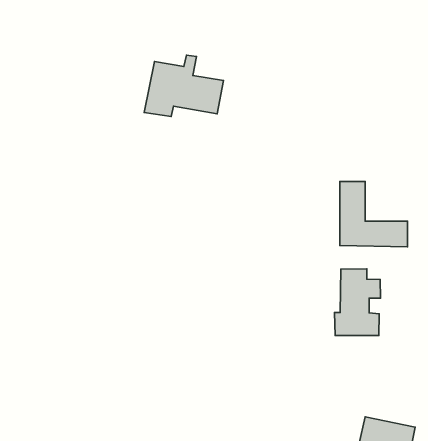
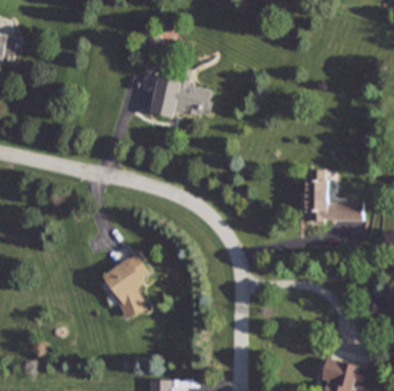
building: [335,269,380,335] -> none
building: none -> [100,253,150,319]

